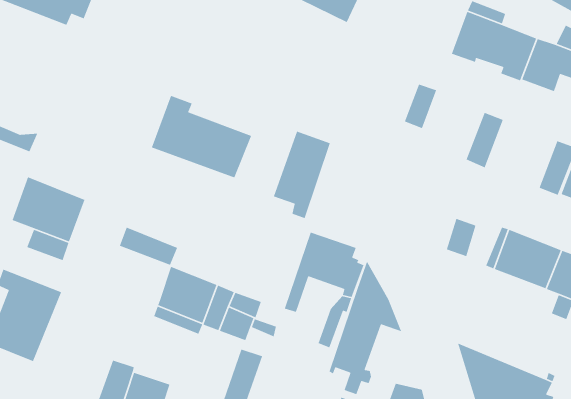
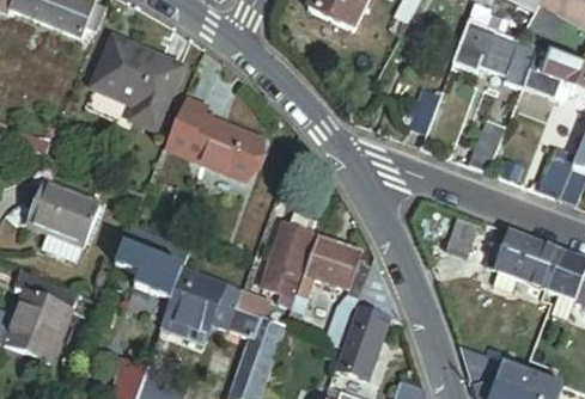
building: none -> [96,37,183,124]
building: [273,130,331,219] -> [261,221,317,307]
building: none -> [116,244,182,299]

